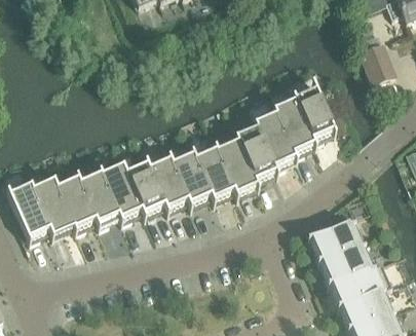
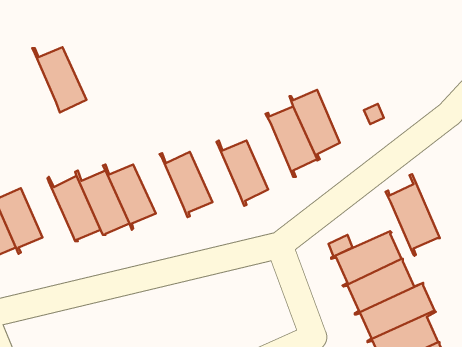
building: [360,40,394,80] -> none
building: [291,79,335,146] -> [386,174,440,256]
building: [234,128,274,187] -> none
building: [190,148,232,200] -> none
building: [144,157,186,211] -> none
building: [51,177,96,230] -> [32,47,86,113]

